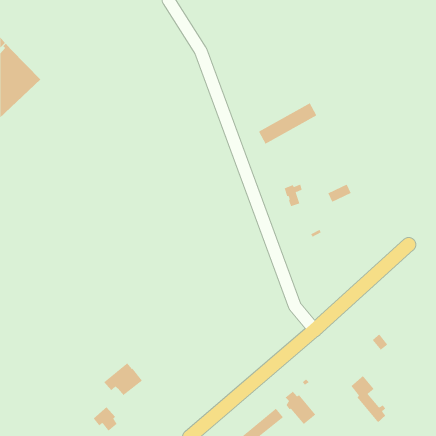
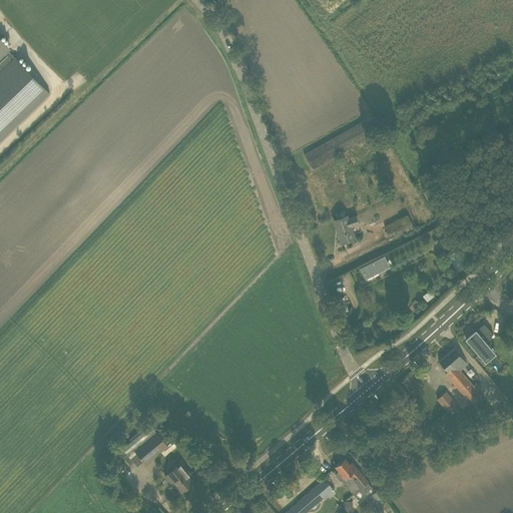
building: none -> [464,324,495,363]
building: [350,375,386,423] -> [438,349,480,405]
building: [93,407,117,431] -> [162,463,191,492]

